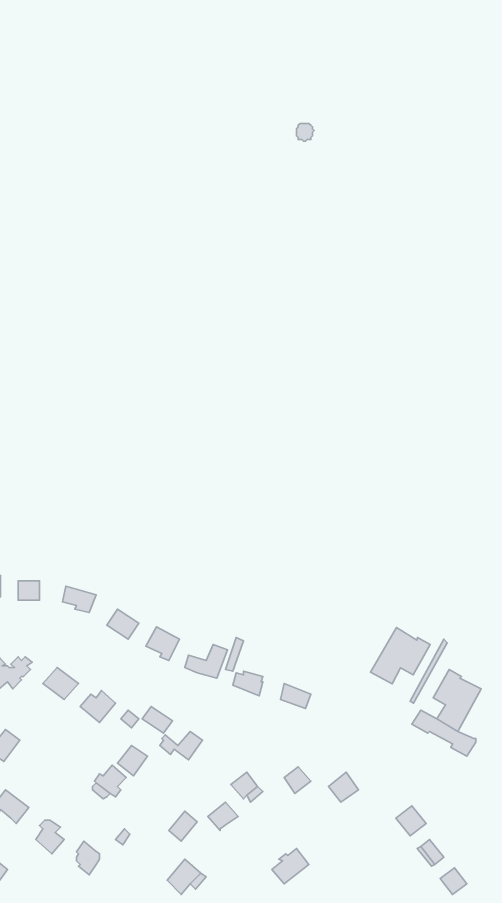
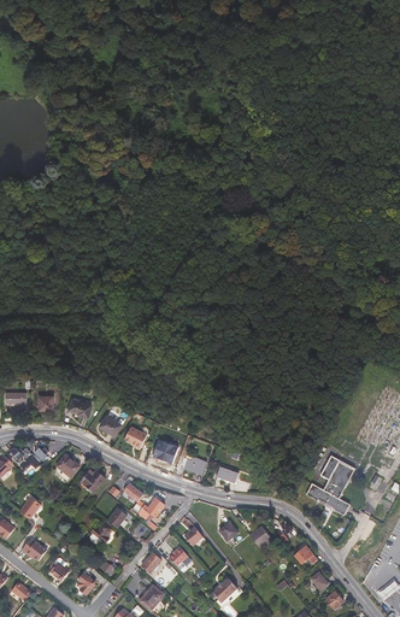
building: [371,627,430,684] -> none

